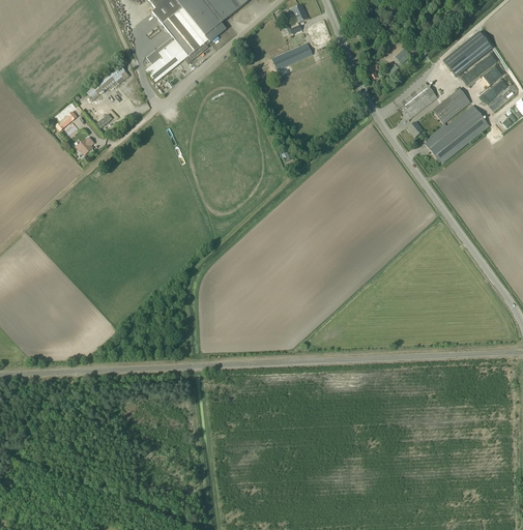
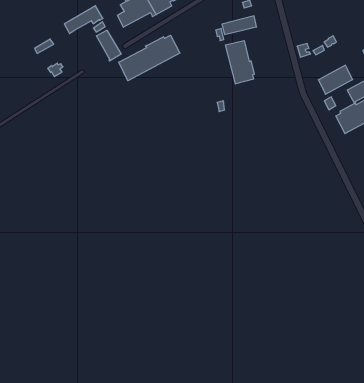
building: none -> [225,41,254,84]
building: none -> [119,35,180,81]
building: none -> [96,30,121,61]

